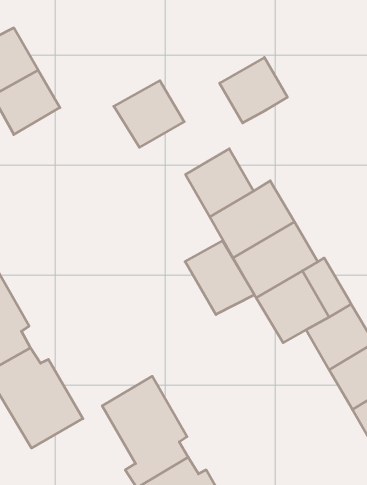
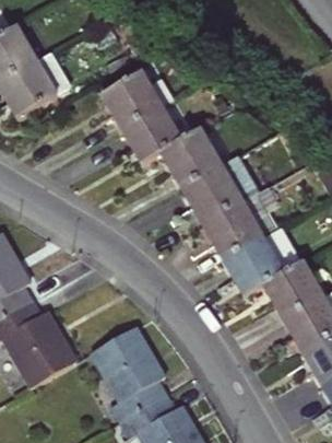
building: [220,57,287,123] -> [122,108,180,164]
building: [185,241,254,315] -> none

